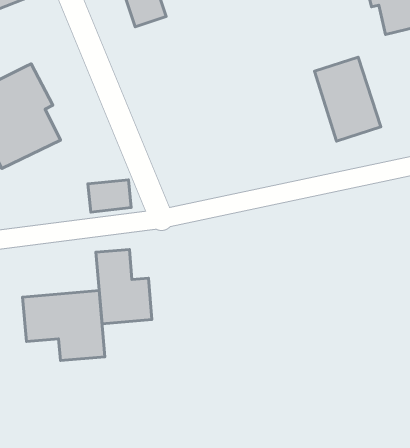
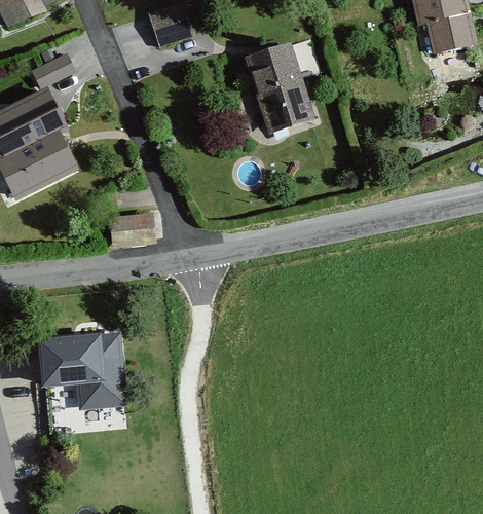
building: none -> [31,52,76,89]
building: [315,57,381,141] -> [244,42,315,134]
building: [96,249,152,324] -> none

